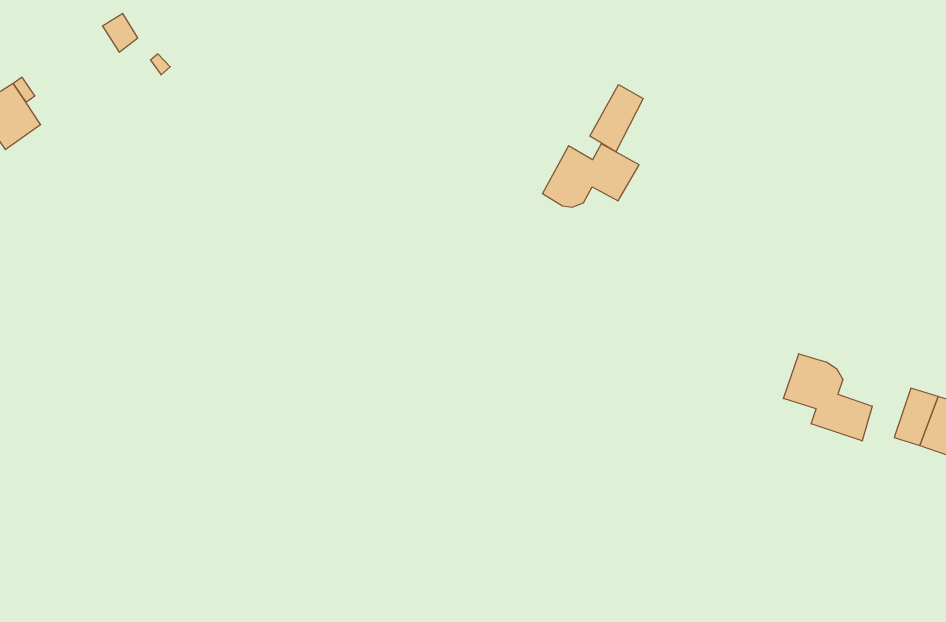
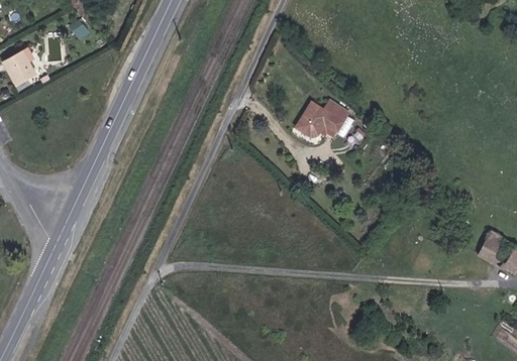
building: [590,85,643,152] -> none
building: [783,354,872,441] -> none

